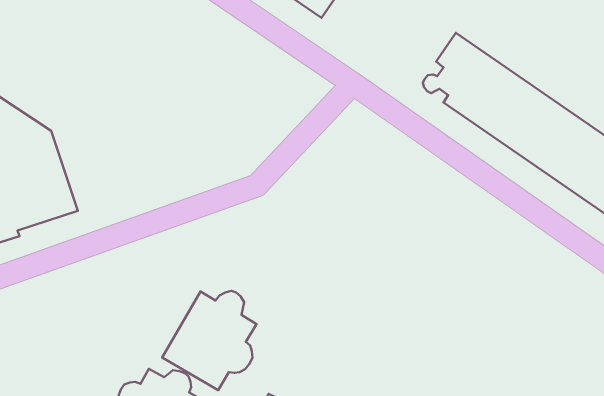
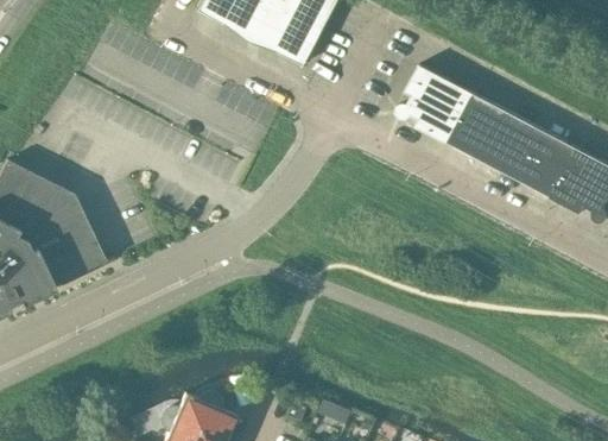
building: [162,291,256,390] -> none

